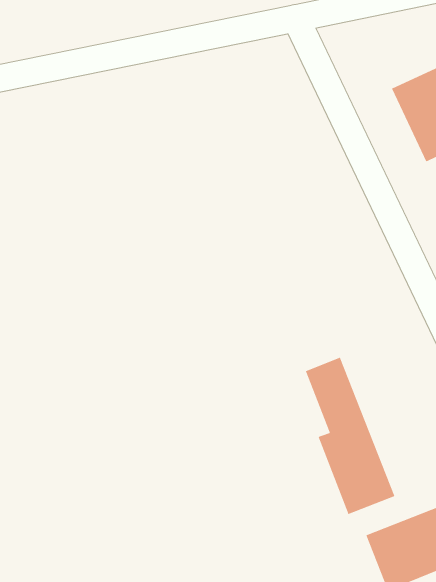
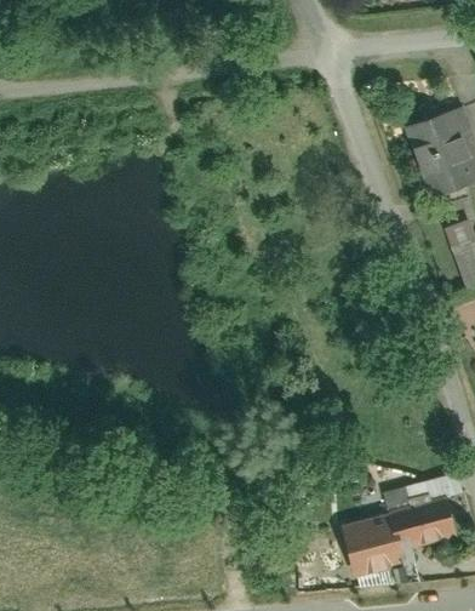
building: [305,357,395,515] -> none

